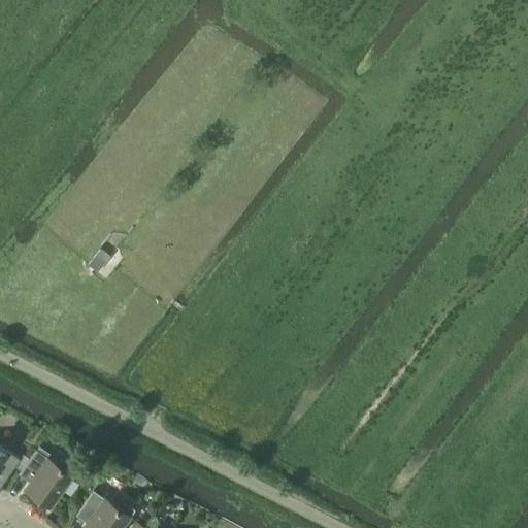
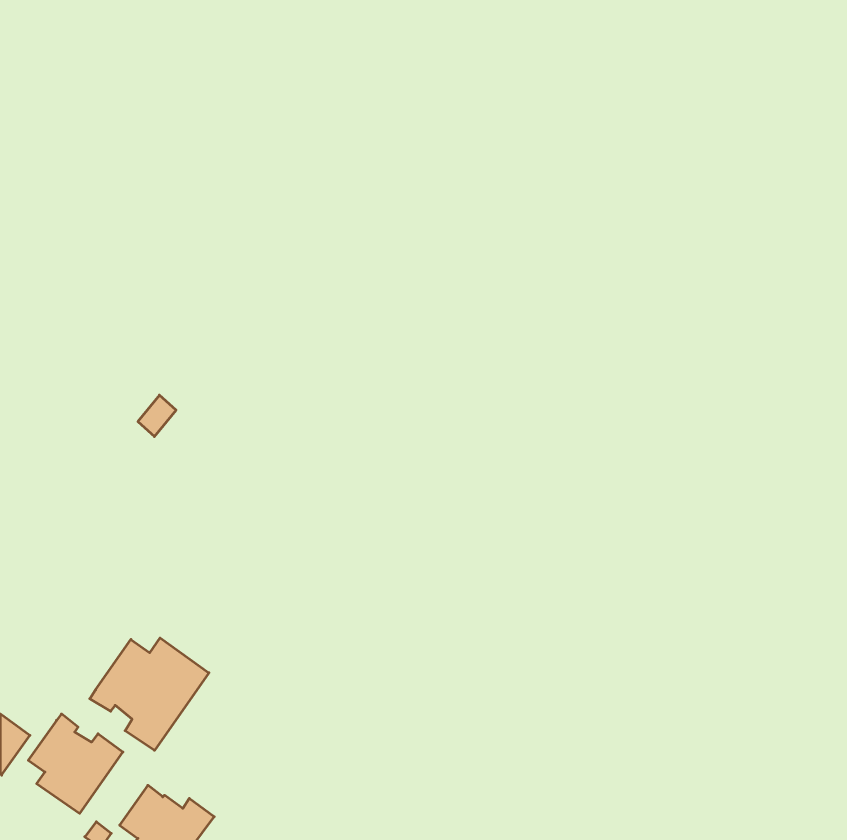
building: none -> [90,638,209,750]

